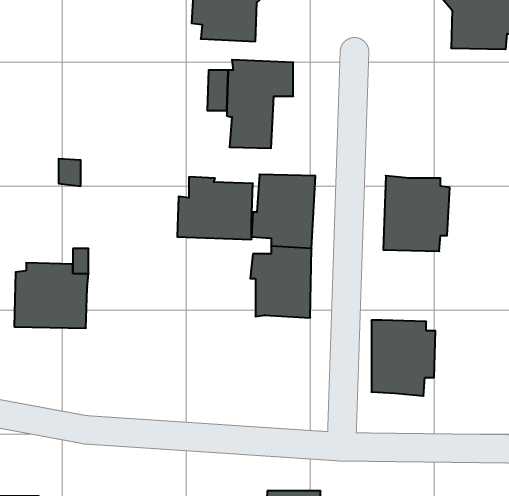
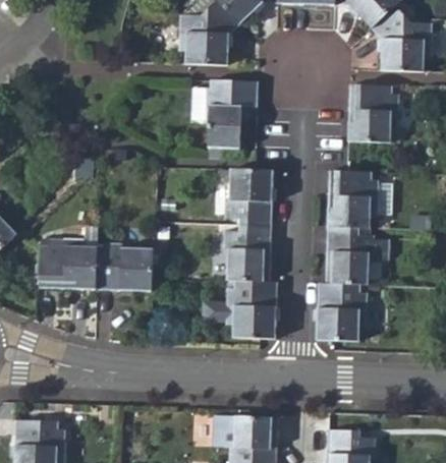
building: none -> [348,85,399,143]
building: [177,177,253,239] -> [95,242,154,291]
building: none -> [326,228,393,284]
building: none -> [225,279,277,338]

